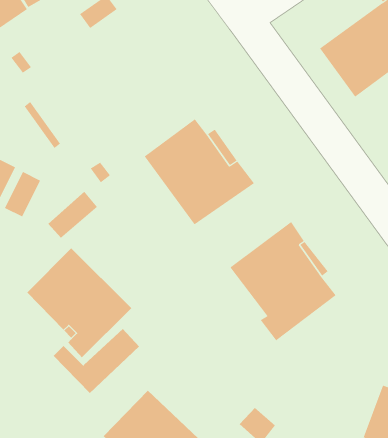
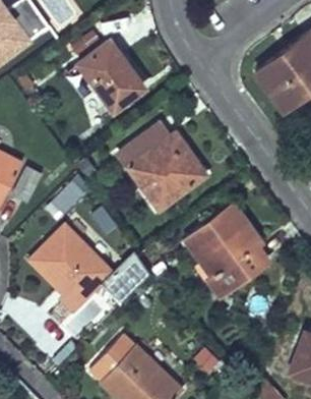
building: none -> [77,40,142,109]
building: none -> [103,255,150,299]

